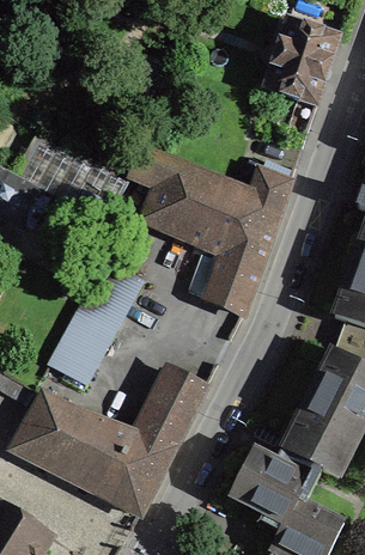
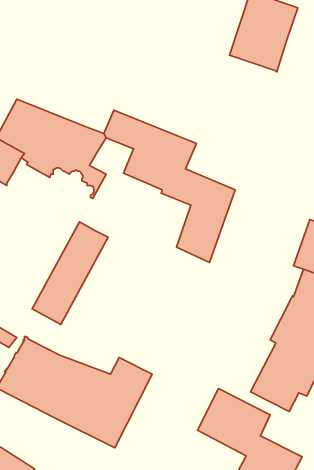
building: [217,166,290,231] -> none
building: [145,368,203,431] -> none

